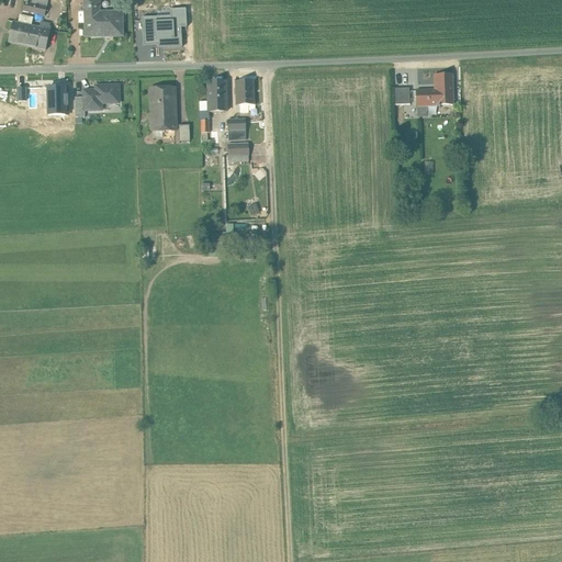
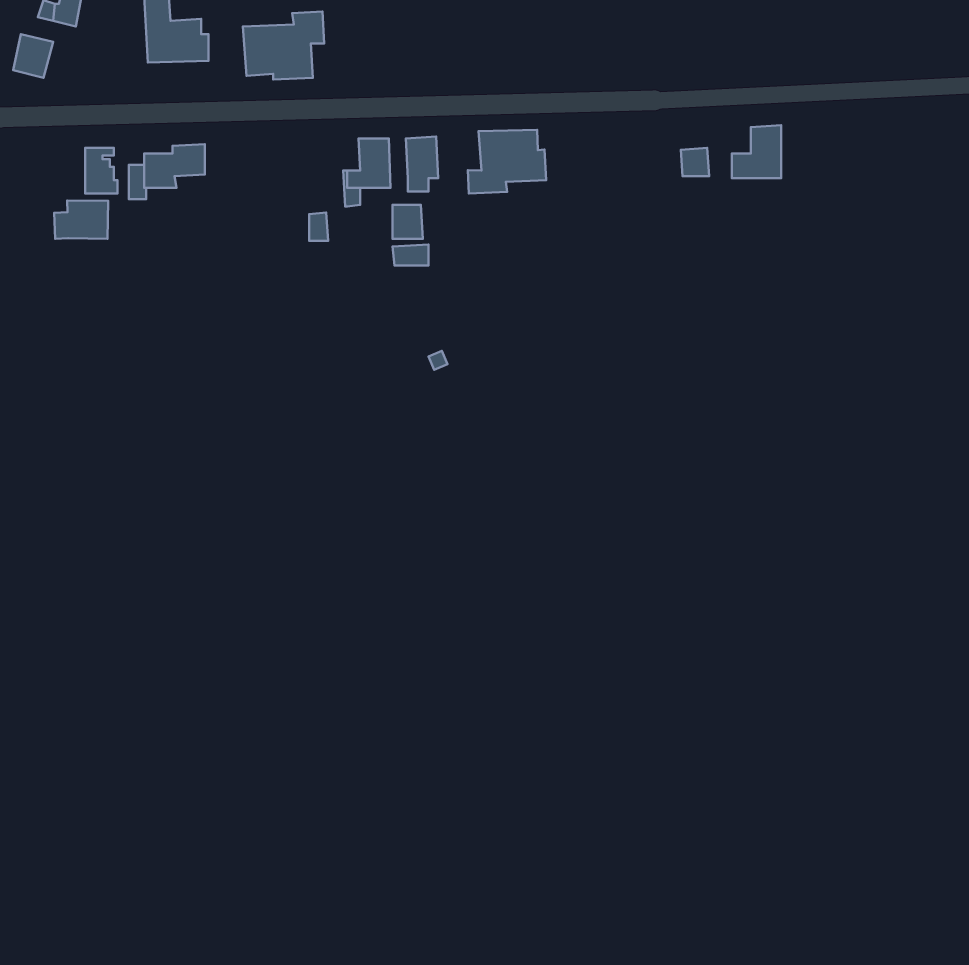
building: [25,24,49,49] -> none
building: none -> [468,130,546,193]
building: [150,86,175,130] -> none
building: none -> [54,200,108,239]

